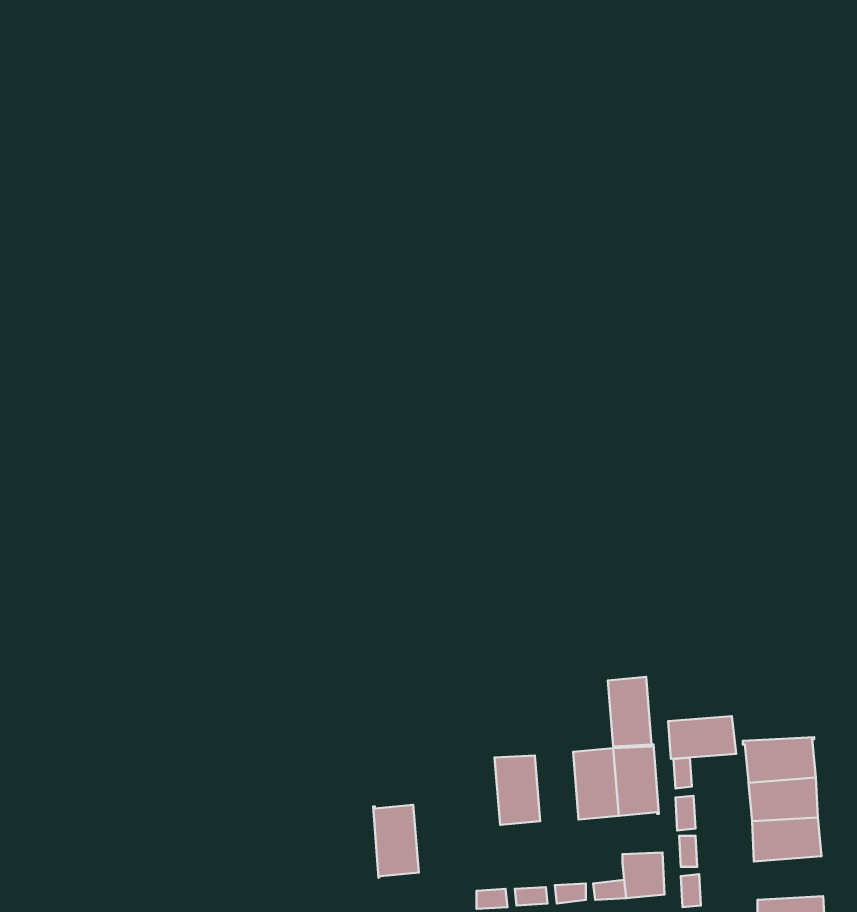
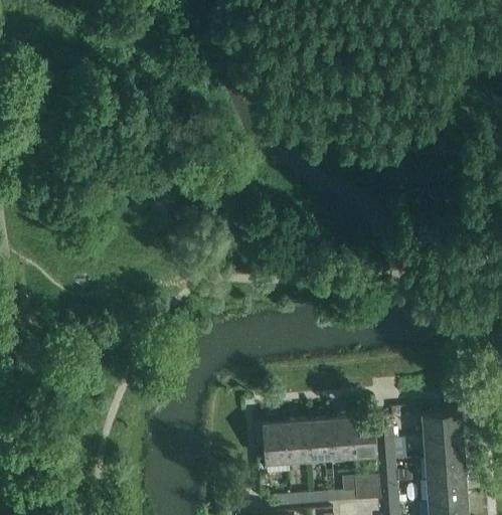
building: [608,677,652,746] -> [305,420,329,459]
building: [668,716,736,759] -> none
building: [373,805,419,878] -> [261,423,286,464]
building: none -> [426,478,464,502]

